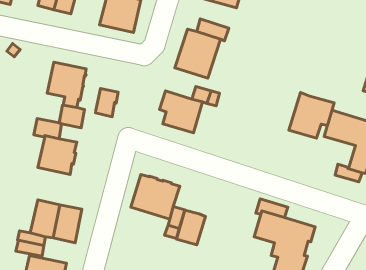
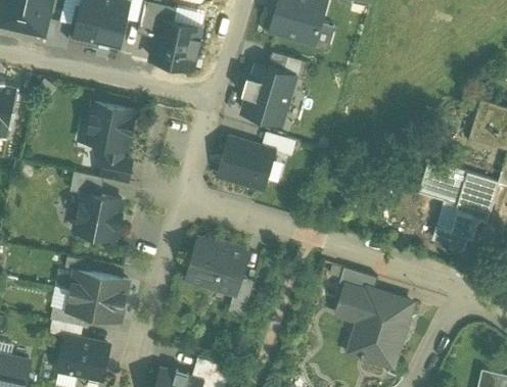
building: [96,89,118,117] -> none
building: [289,93,334,138] -> none
building: [177,210,206,245] -> none

